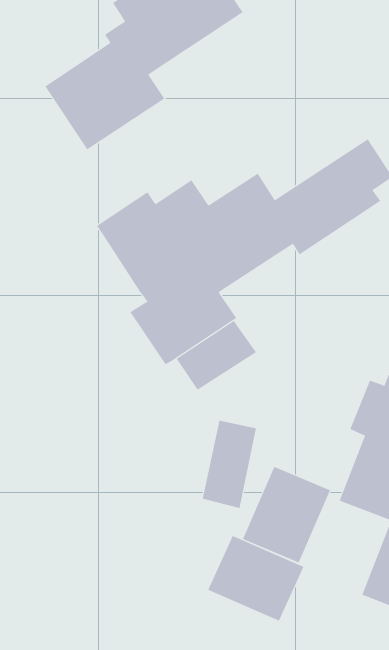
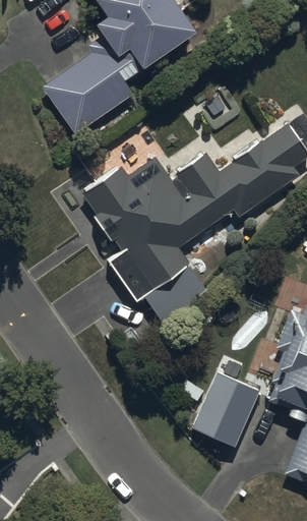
building: [202,420,257,509] -> none
building: [208,535,304,621] -> none

